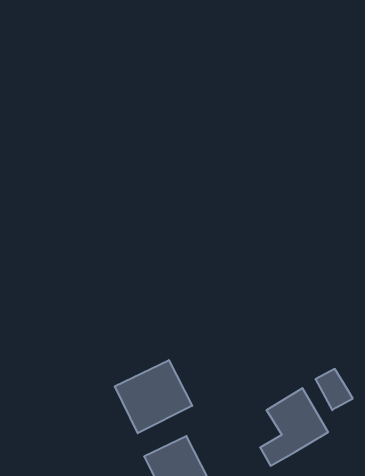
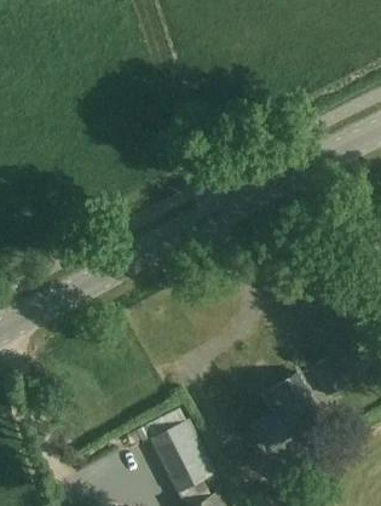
building: [115,360,192,433] -> none

